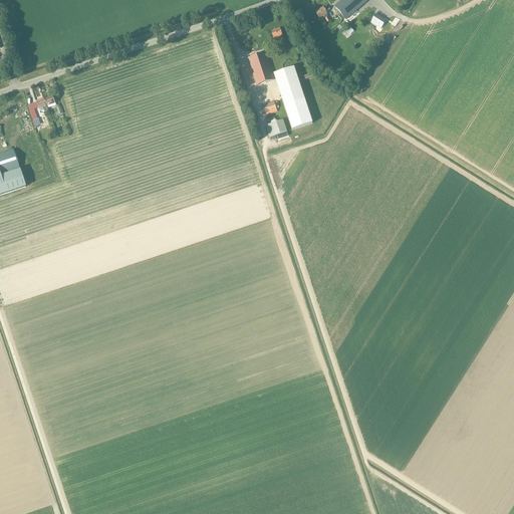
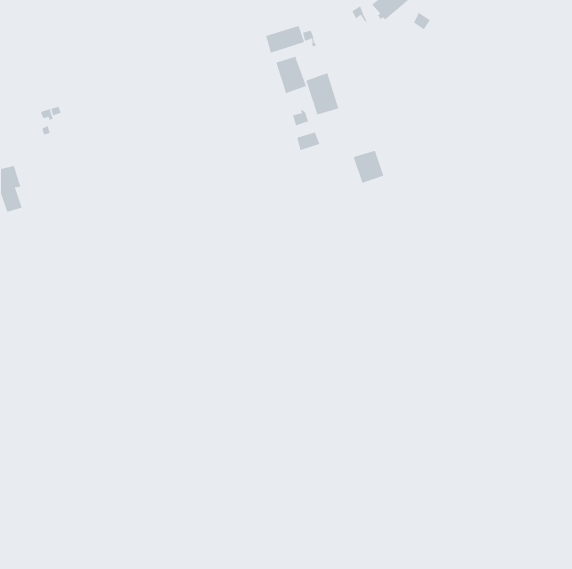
building: none -> [266,25,305,53]
building: [284,97,312,127] -> [353,150,384,184]

